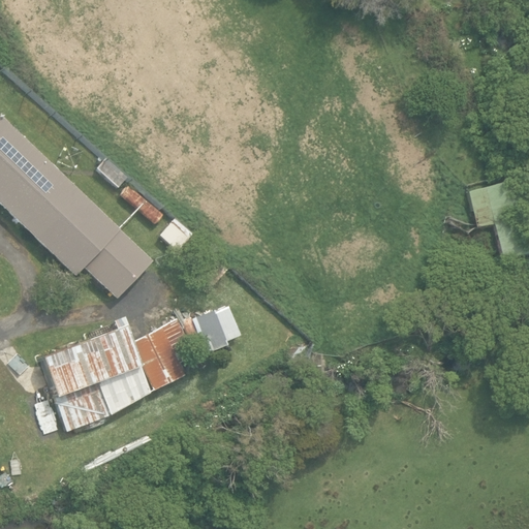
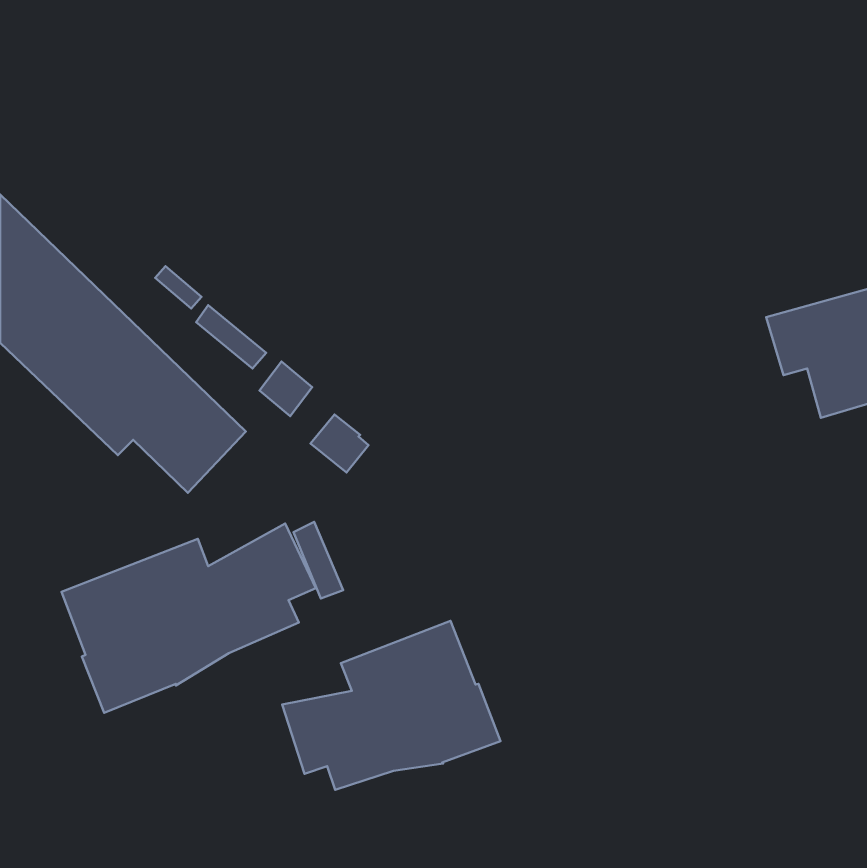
building: none -> [282,621,501,790]

